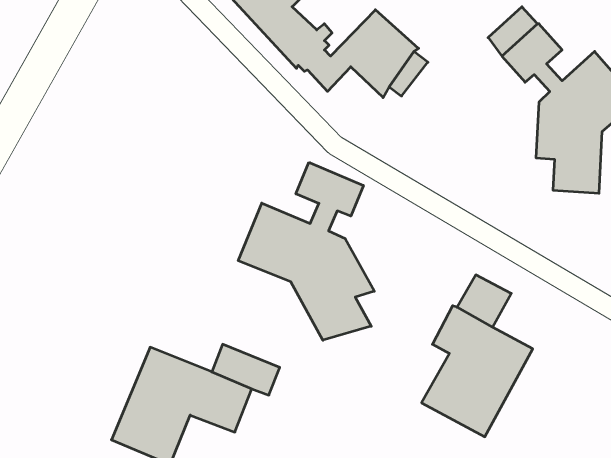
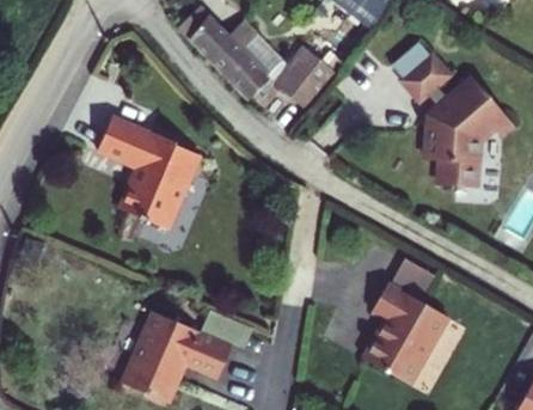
building: none -> [79,115,183,230]
building: [238,163,374,340] -> none

